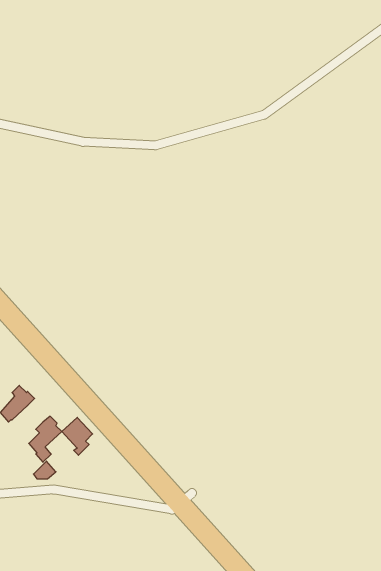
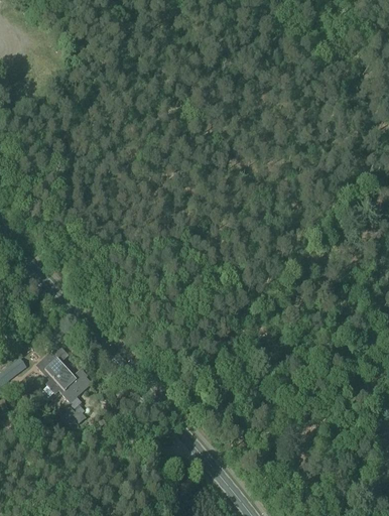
building: [62,417,93,455] -> [47,361,74,393]

